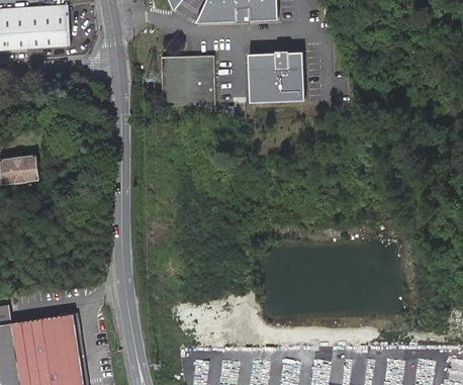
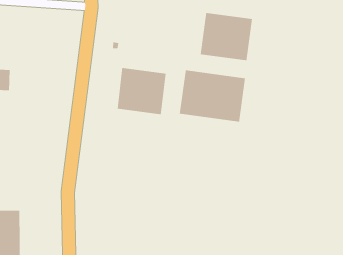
building: [160,56,214,105] -> [117,67,166,115]
building: none -> [179,70,246,123]

